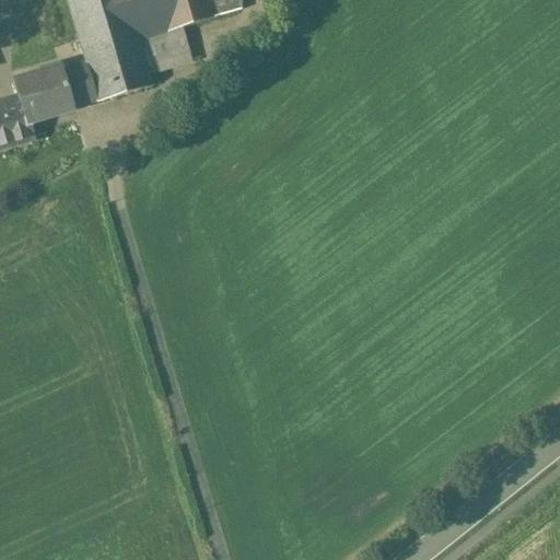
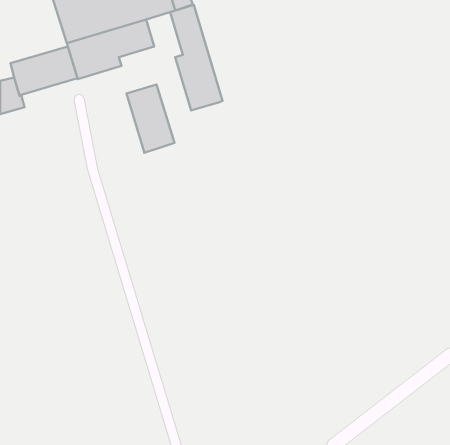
building: none -> [170,5,223,111]
building: none -> [126,84,175,153]

